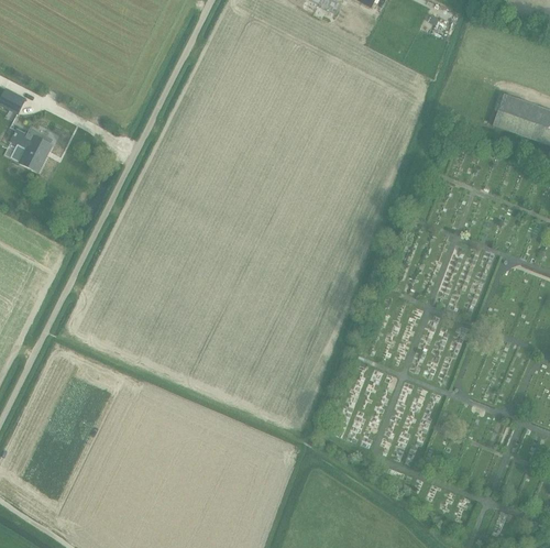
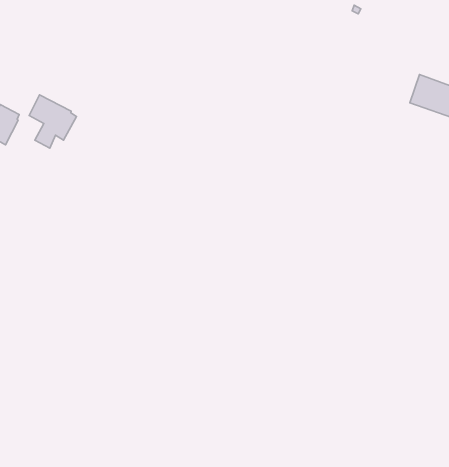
building: none -> [29,95,76,148]

